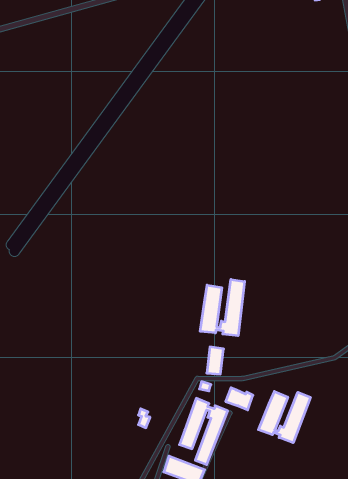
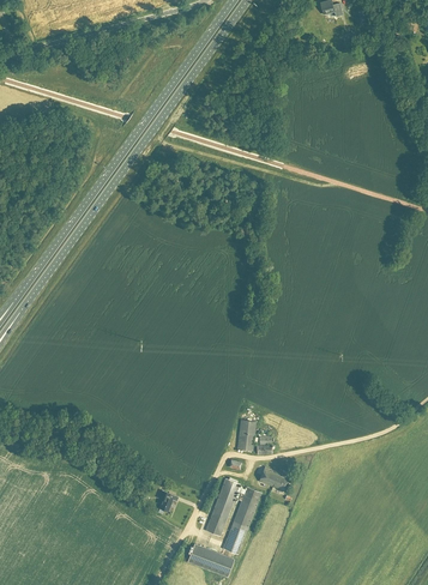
building: [200,279,245,336] -> none
building: [258,391,310,443] -> none

